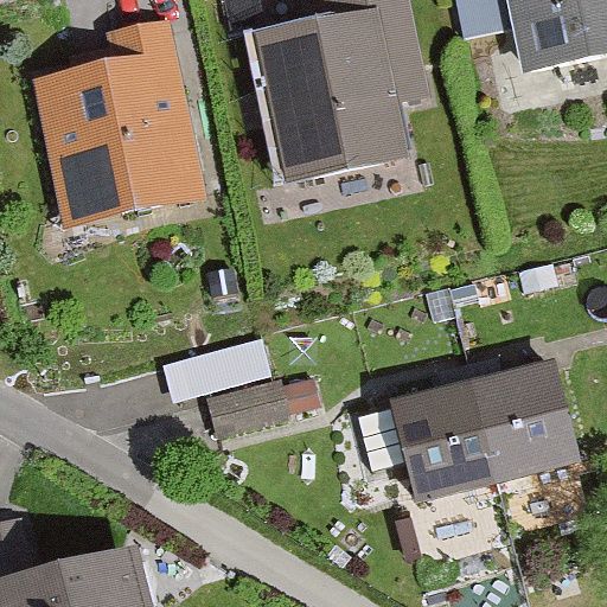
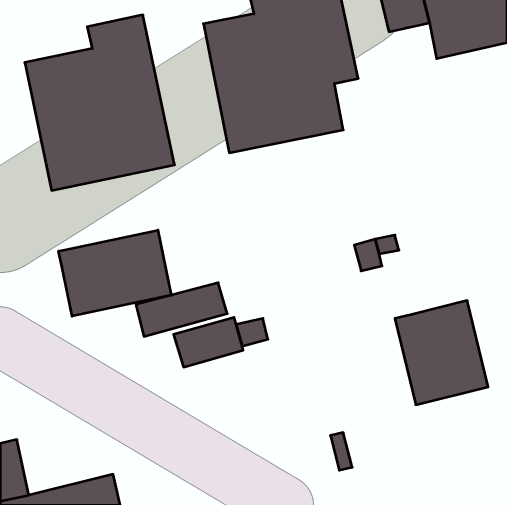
building: none -> [59,230,171,316]
building: [391,381,497,503] -> none

